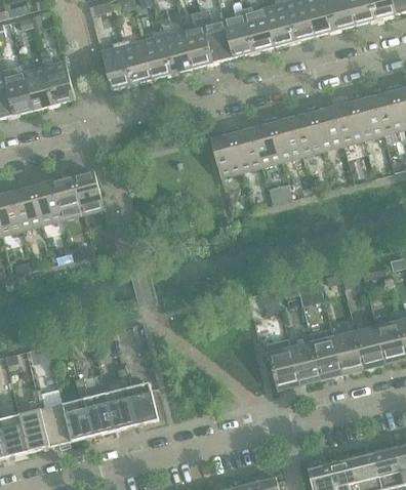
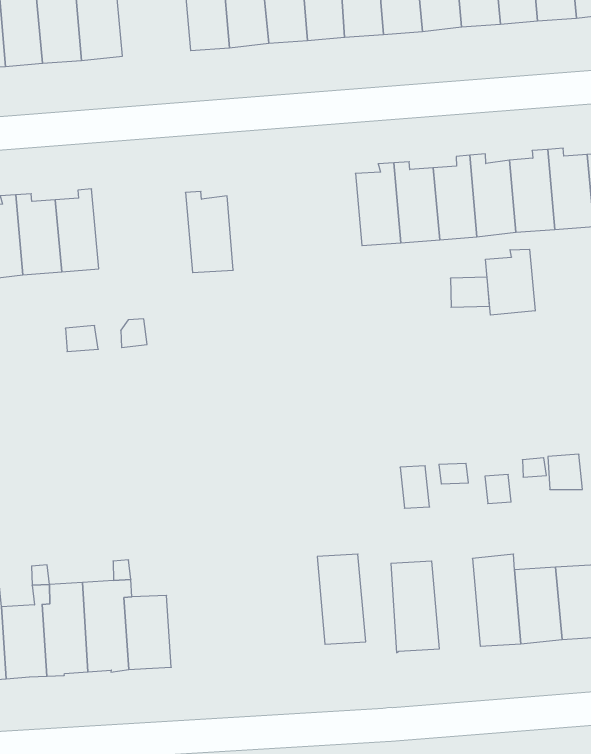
building: none -> [486,249,535,315]
building: [71,169,104,213] -> [185,191,233,273]
building: [287,333,321,384] -> [317,554,366,644]

